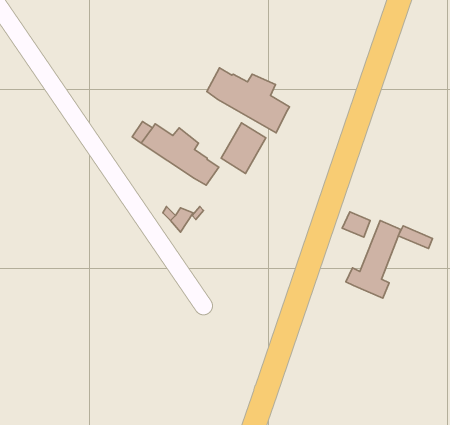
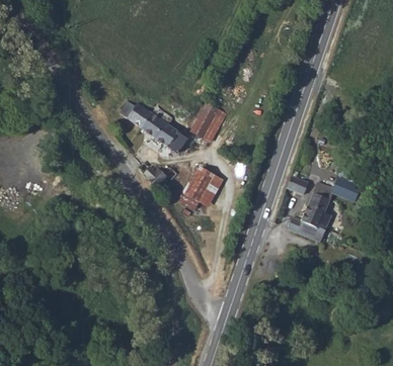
building: [207,68,289,133] -> none
building: none -> [179,167,223,215]

